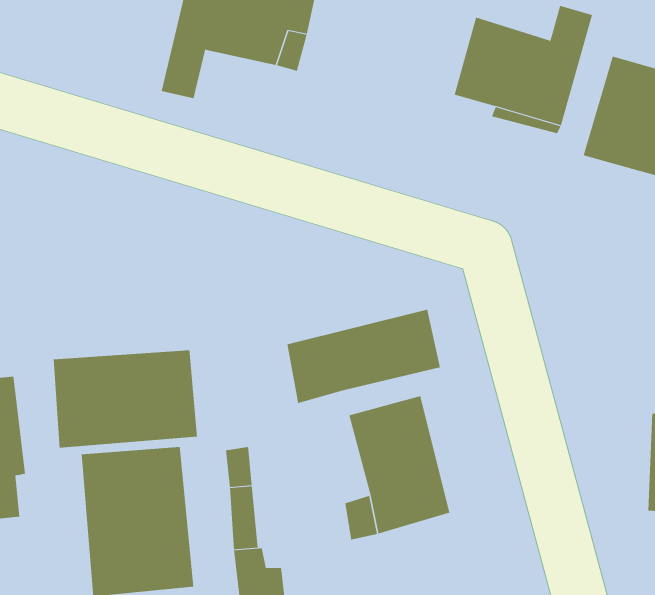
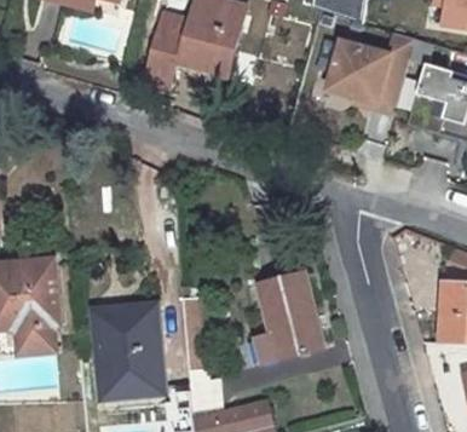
building: [287,309,441,404] -> none
building: [53,350,197,448] -> none

